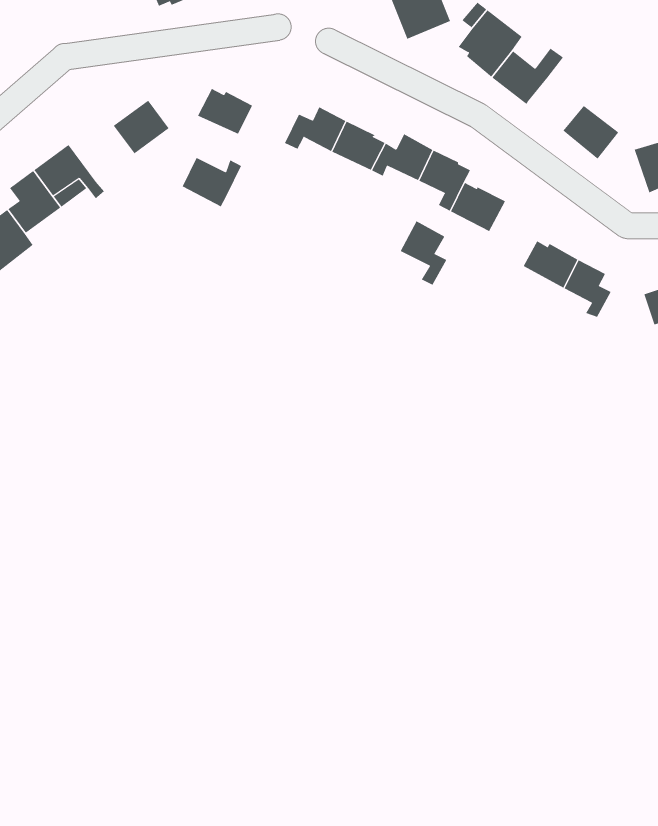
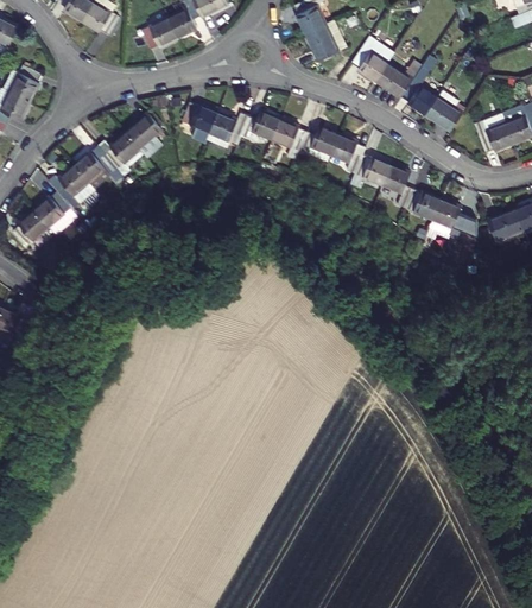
building: none -> [401,80,438,114]
building: none -> [96,132,140,170]
building: [182,157,242,207] -> [209,112,248,144]
building: [400,220,447,286] -> [381,164,413,207]

